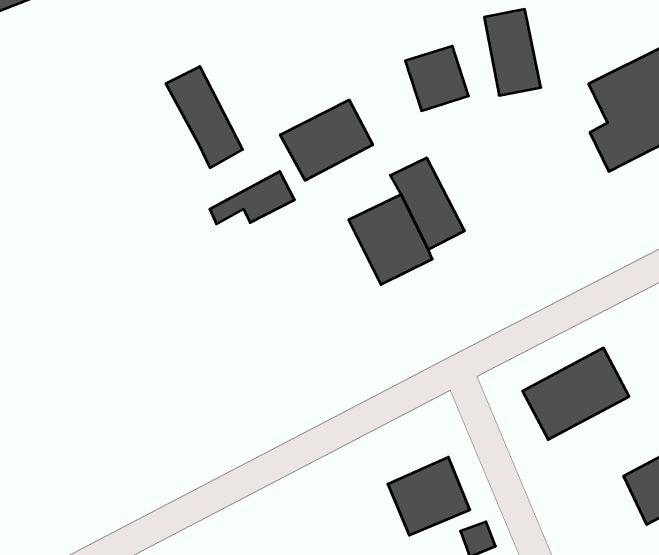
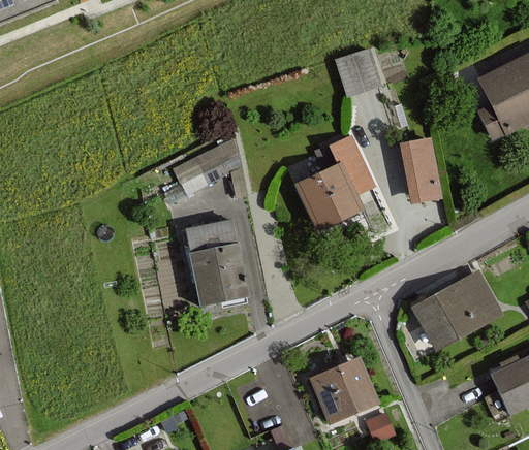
building: [484,9,541,95] -> [391,135,434,201]
building: [166,66,243,168] -> none
building: [280,100,373,180] -> none
building: none -> [190,222,248,304]

